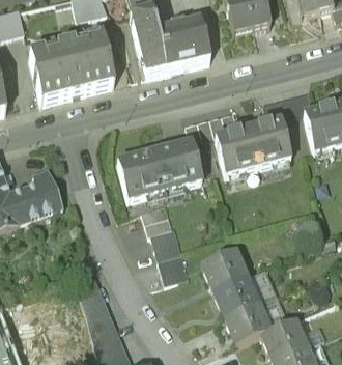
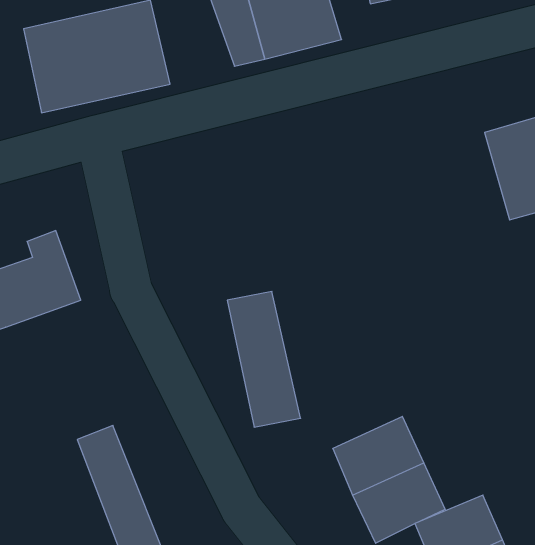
building: [215,115,291,176] -> none
building: [117,135,204,204] -> none
building: [198,245,251,289] -> none

